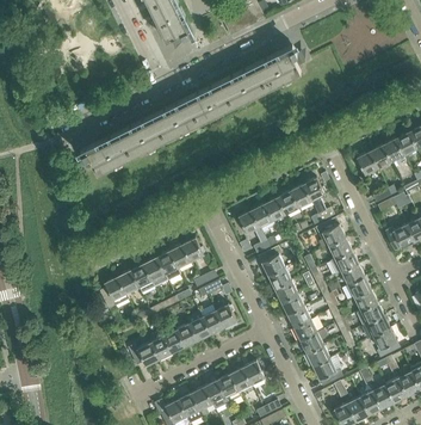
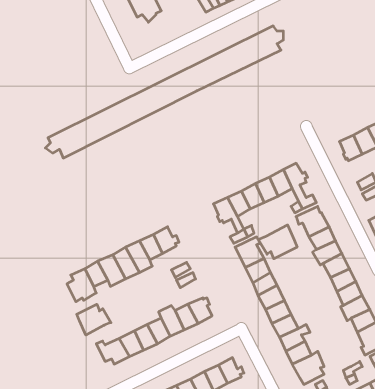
building: none -> [258,225,297,259]
building: none -> [77,304,111,335]

